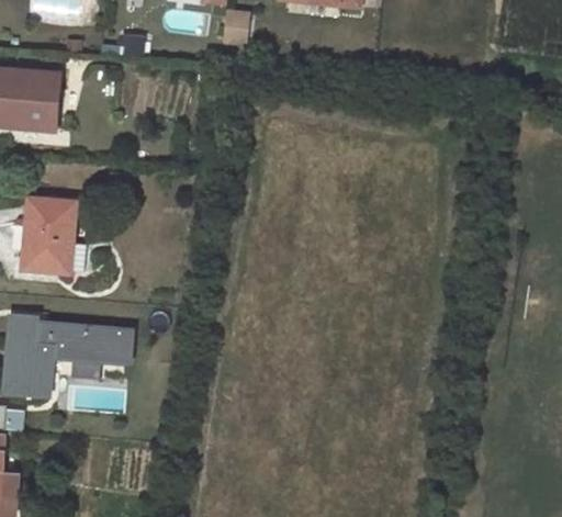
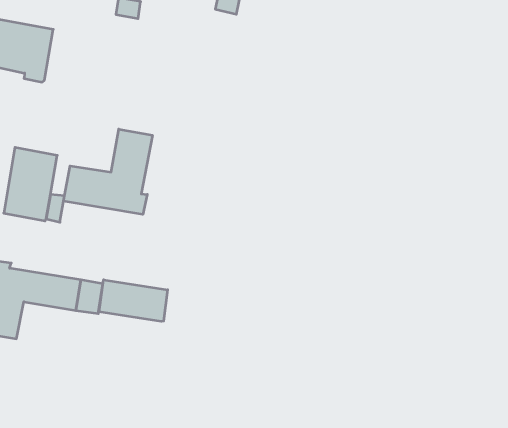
building: none -> [64,129,152,214]
building: none -> [99,280,168,321]

